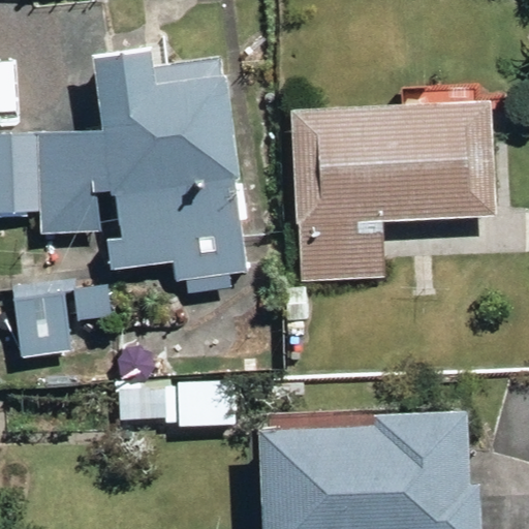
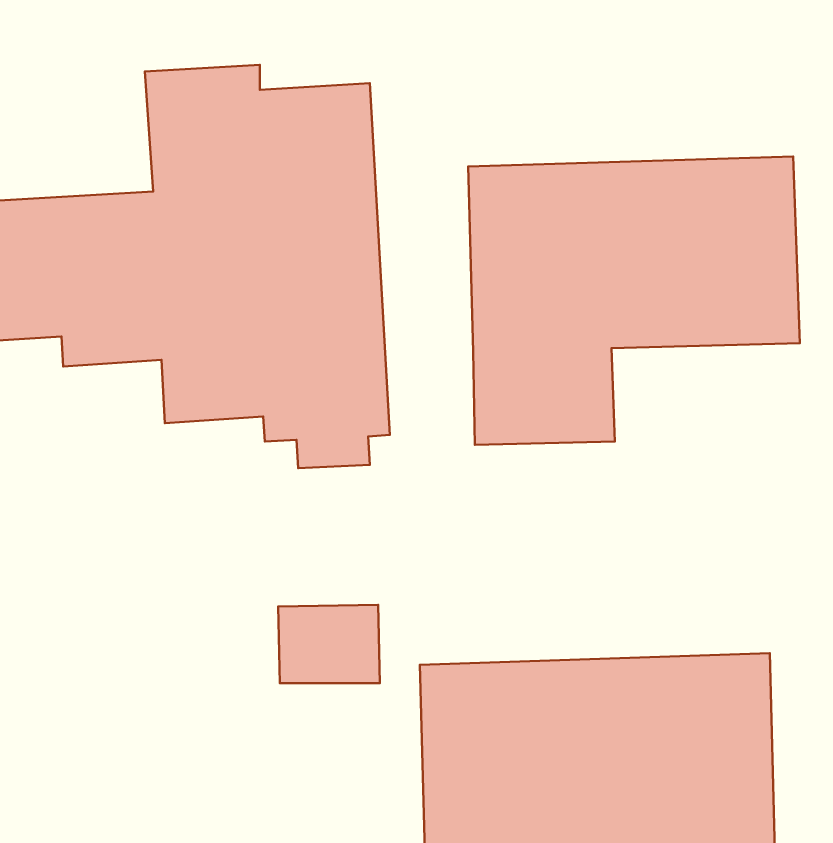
building: [8,282,112,363] -> none

